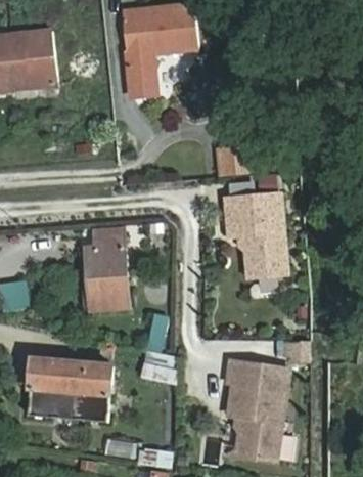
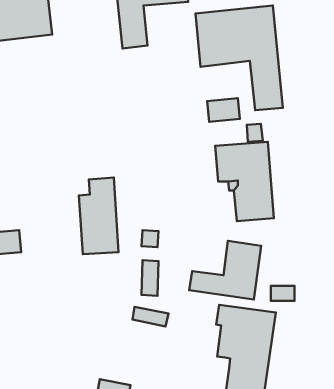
building: none -> [196,5,283,110]
building: none -> [189,241,261,300]
building: [27,358,111,422] -> none

